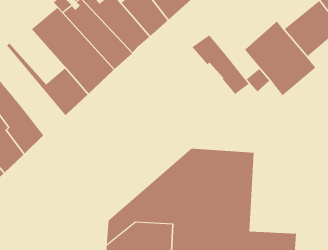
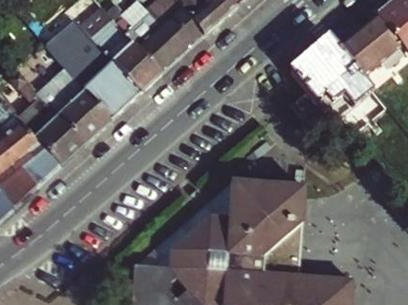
building: [191,35,249,95] -> none
building: none -> [27,83,84,166]

